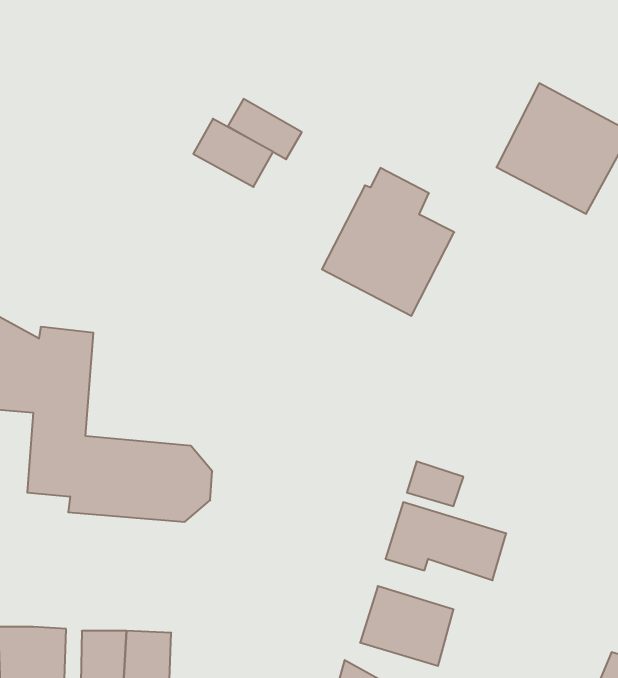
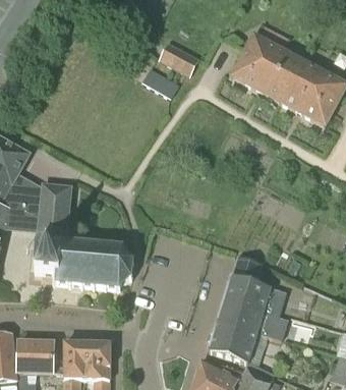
building: [193,119,273,187] -> [157,41,198,76]
building: [322,168,454,316] -> [232,23,301,101]
building: none -> [217,305,287,340]

